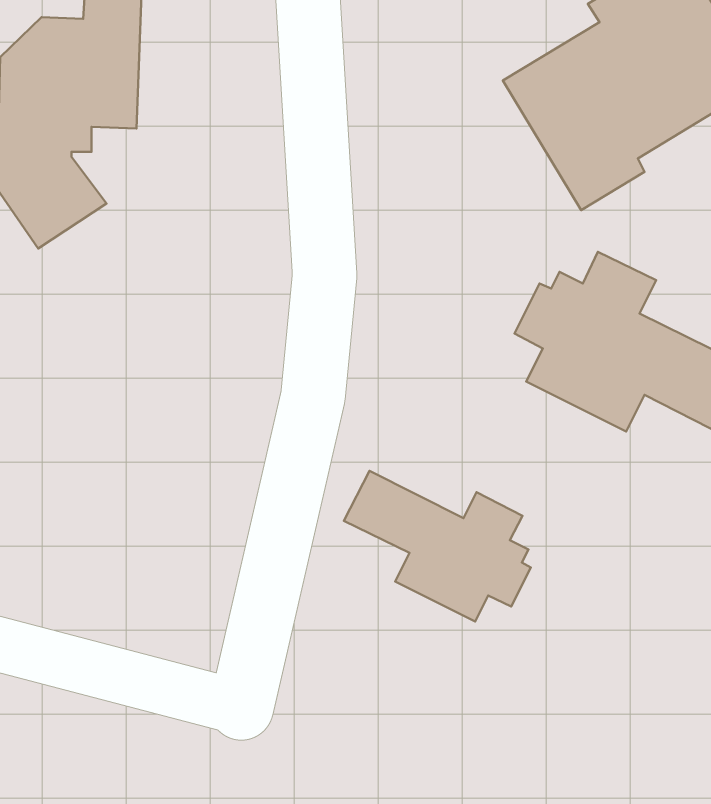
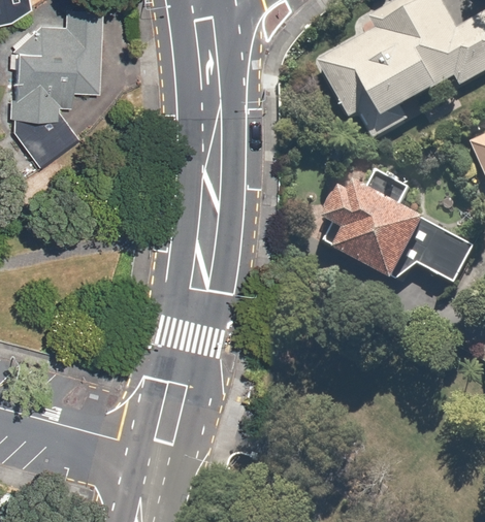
building: [344,471,531,621] -> none

